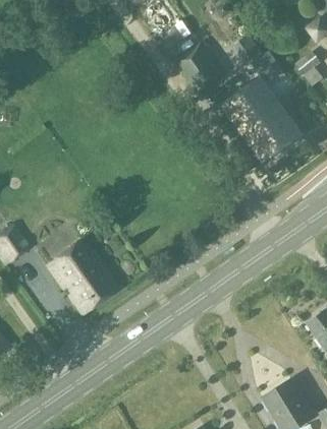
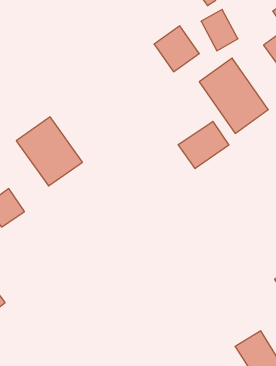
building: none -> [178,121,229,169]
building: [47,239,120,315] -> [16,117,82,186]

